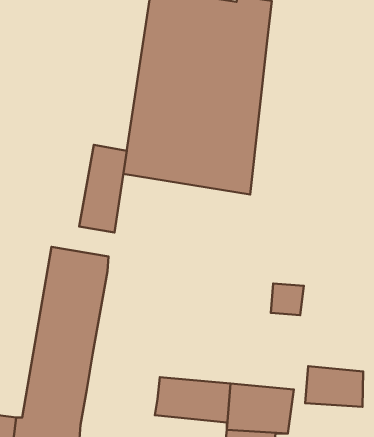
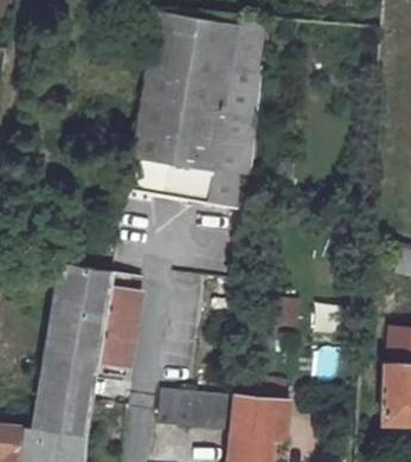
building: [79,145,127,232] -> [97,285,143,371]
building: [305,366,363,407] -> none

